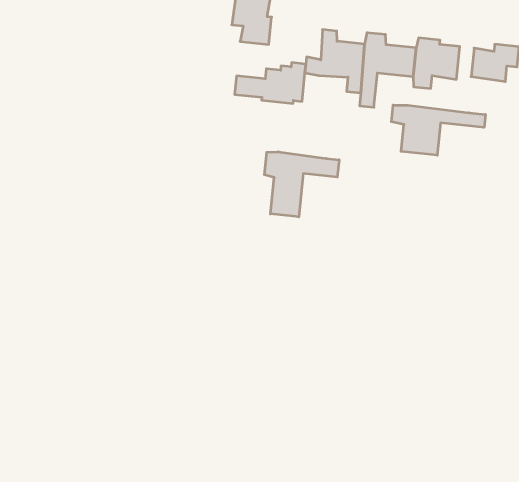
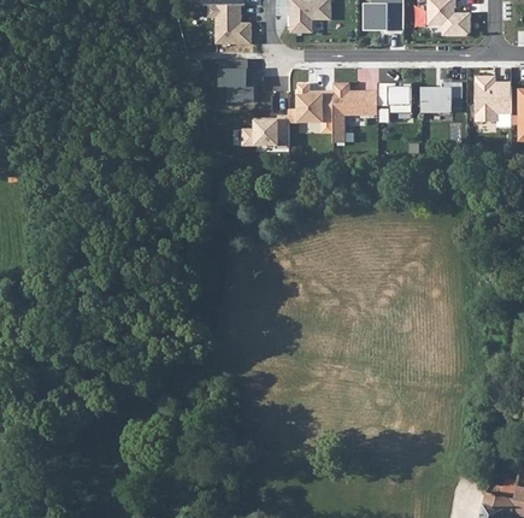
building: [391,105,485,155] -> none
building: [264,152,339,217] -> none

